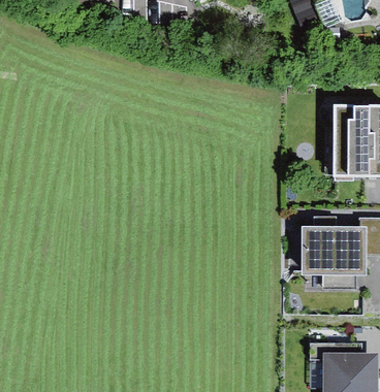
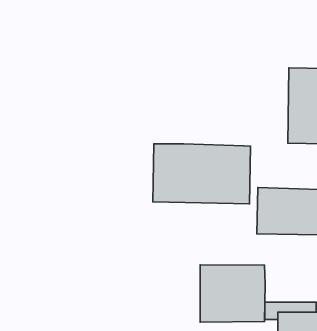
building: none -> [153,144,250,204]
building: none -> [200,265,265,322]

